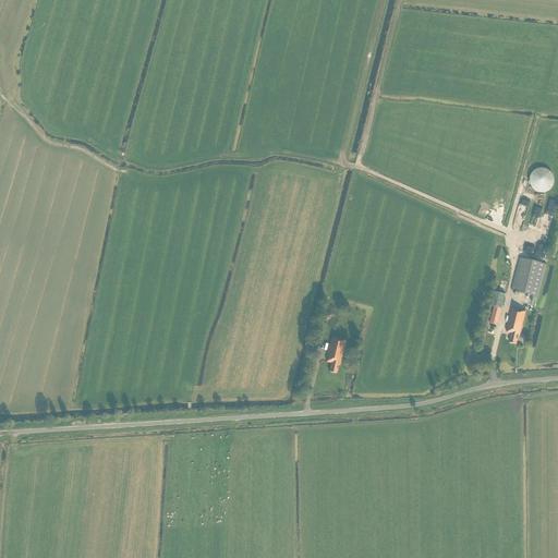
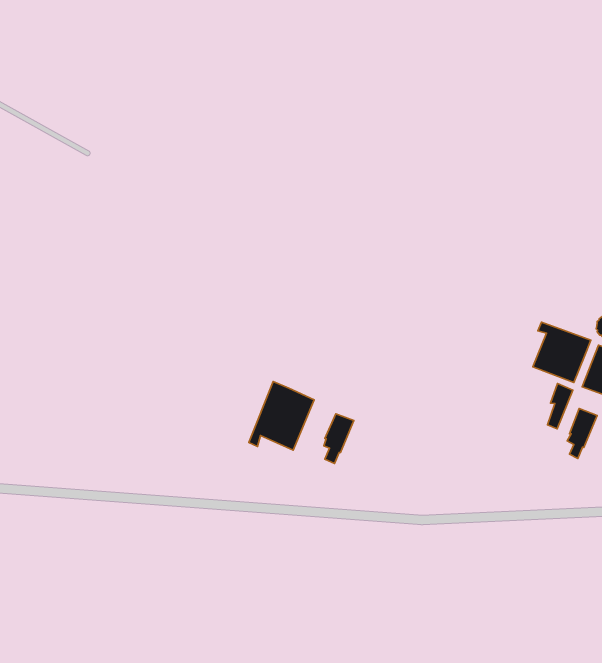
building: none -> [533,322,591,383]
building: none -> [249,382,314,450]

